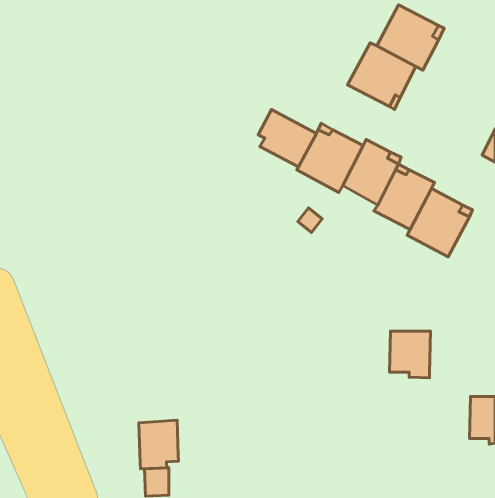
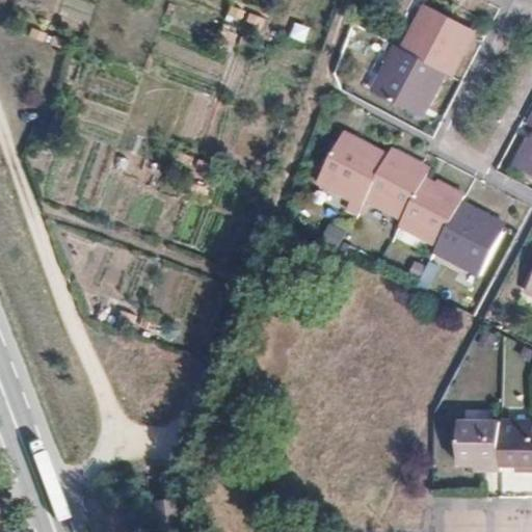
building: [258,109,316,167] -> none
building: [390,331,431,378] -> [457,422,501,472]
building: [139,420,178,469] -> none

